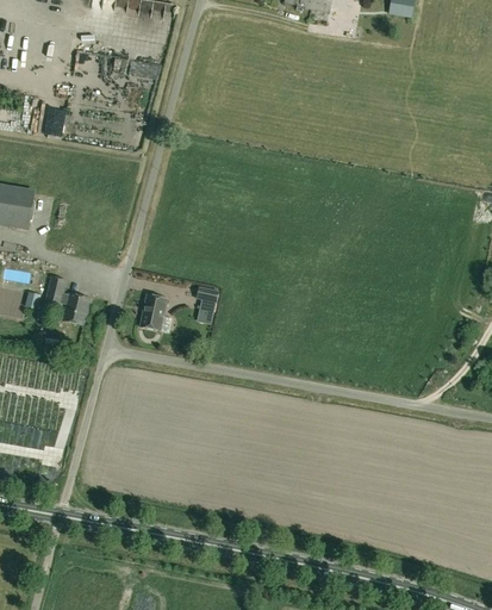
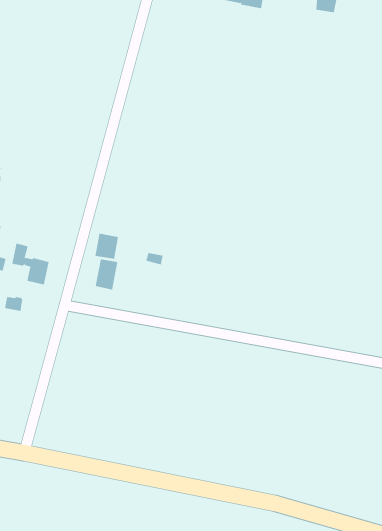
building: none -> [95,233,119,259]

